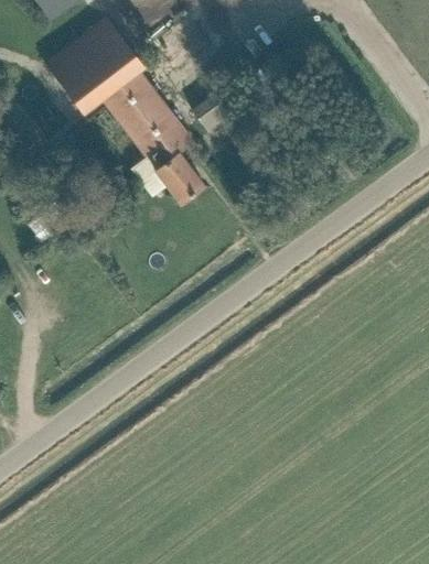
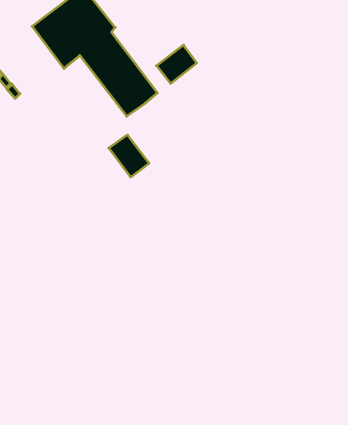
building: [158,156,205,206] -> [109,135,149,177]

